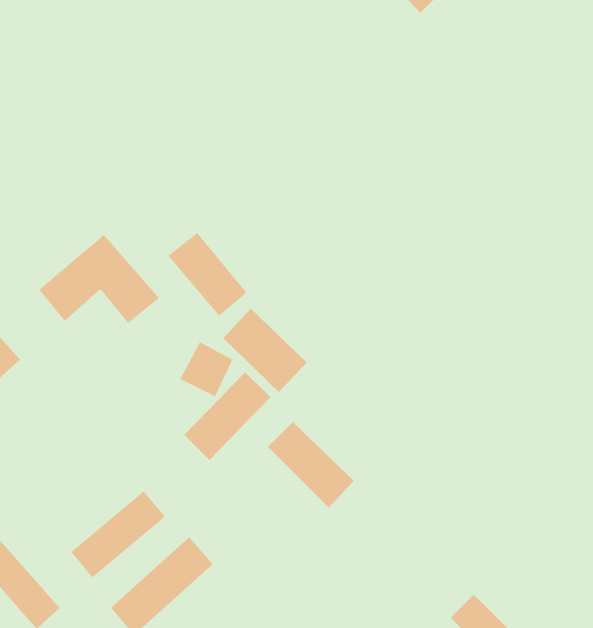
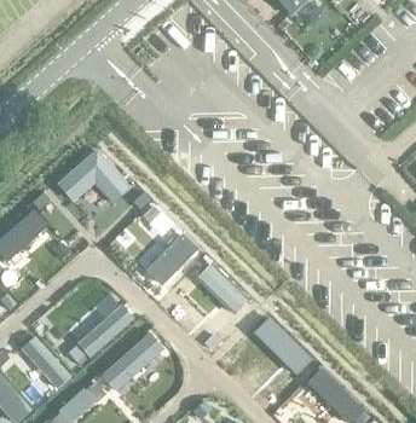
building: [167,232,247,317] -> none
building: [222,308,307,393] -> none
building: none -> [253,315,312,376]

